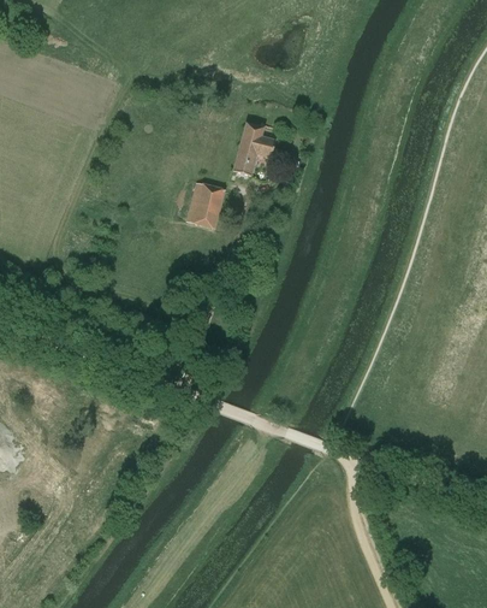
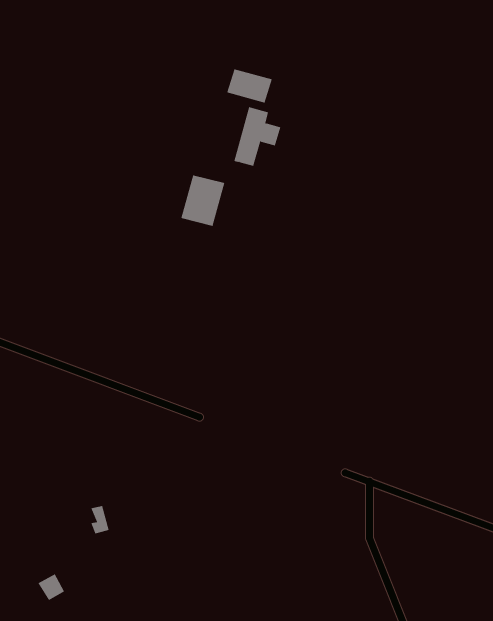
building: none -> [226,68,272,103]

